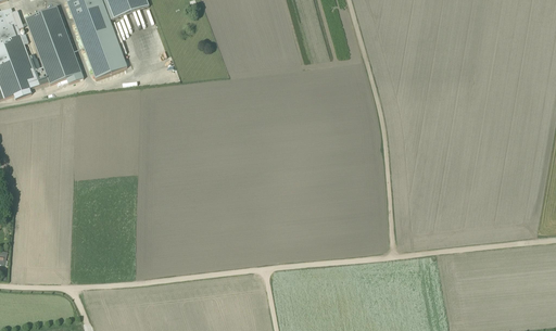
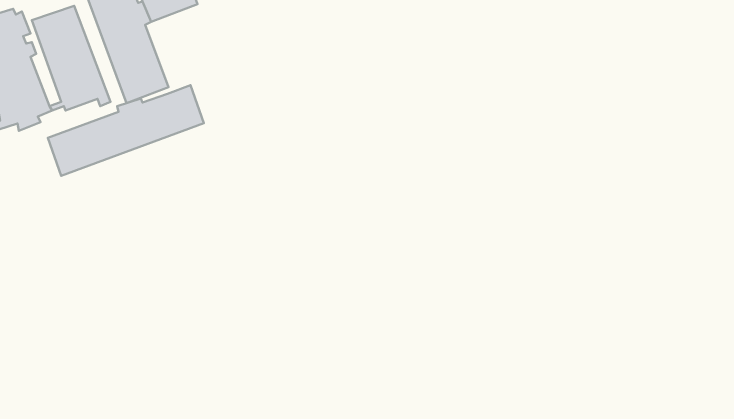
building: none -> [48,85,204,176]

